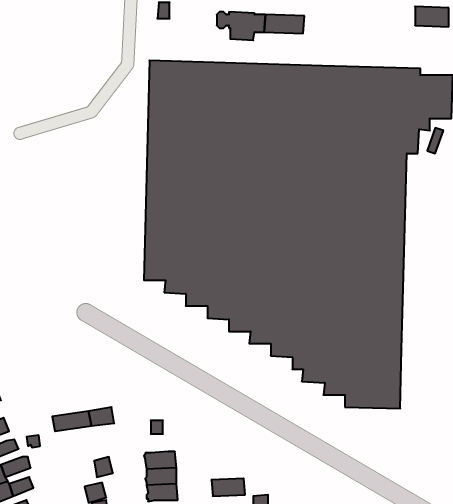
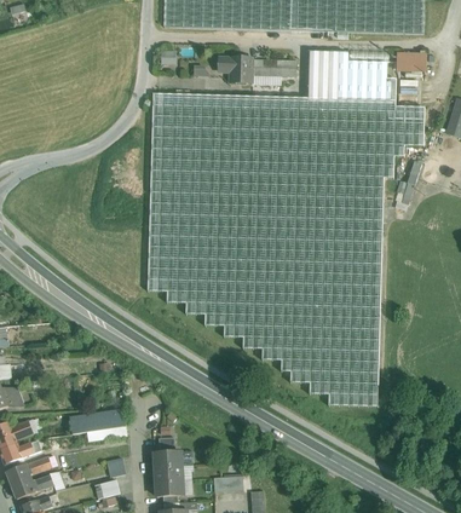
building: none -> [310,57,398,106]

